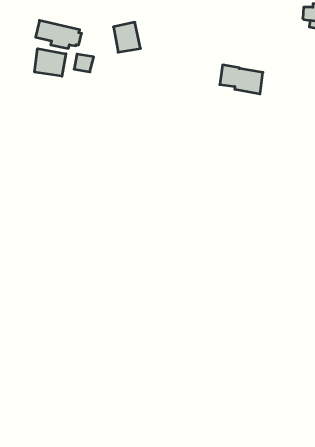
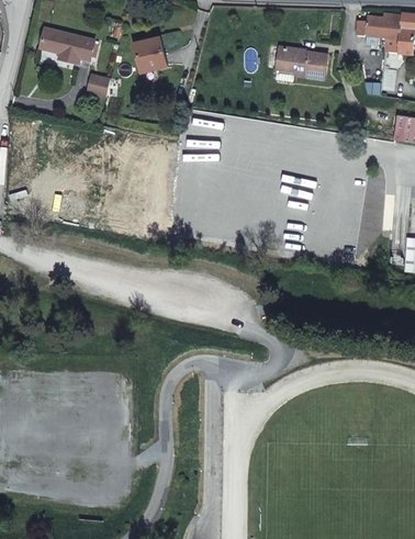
building: [35,49,66,76] -> none
building: [220,65,263,94] -> [277,47,327,81]

